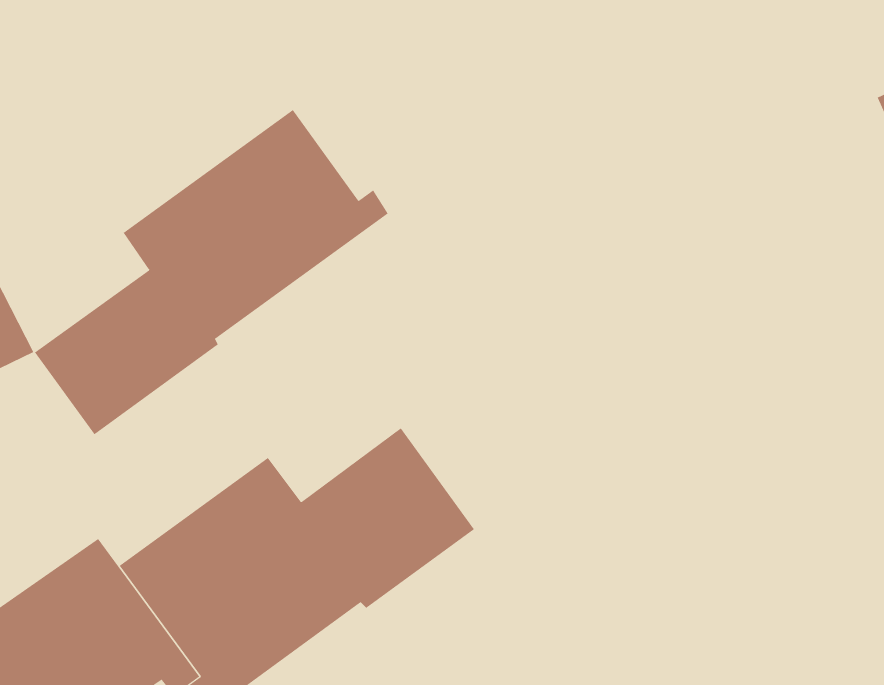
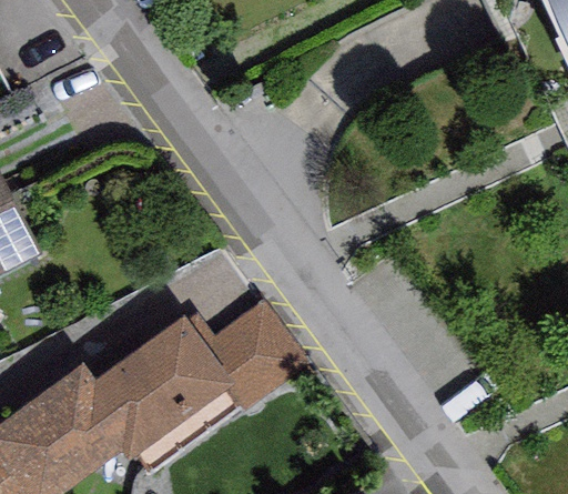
building: [34,109,389,435] -> none

